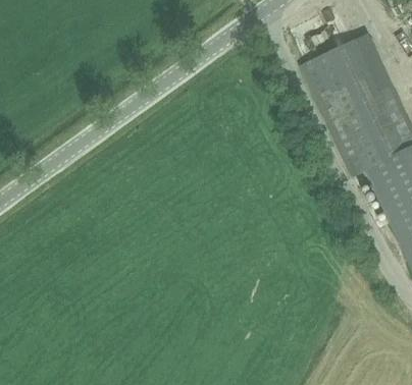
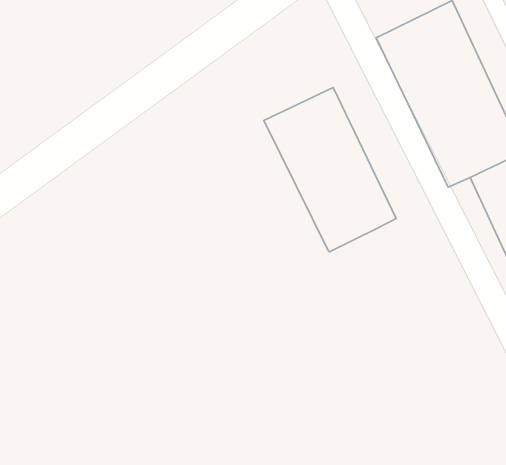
building: none -> [264,88,396,252]

